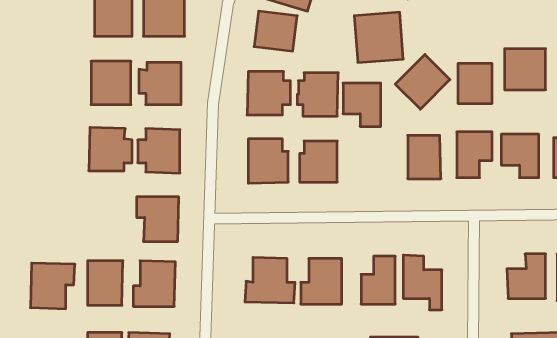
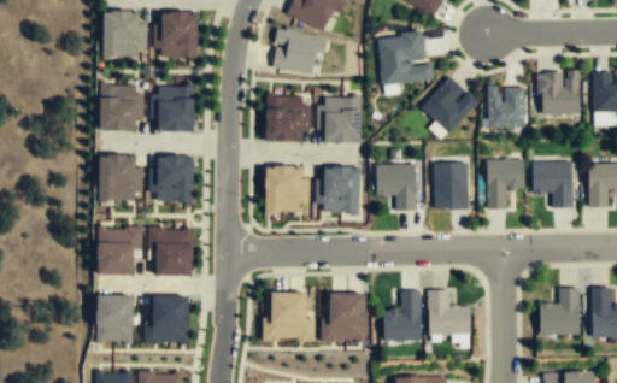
building: [343,83,381,126] -> [377,164,417,210]
building: [30,263,75,309] -> [96,226,143,275]

